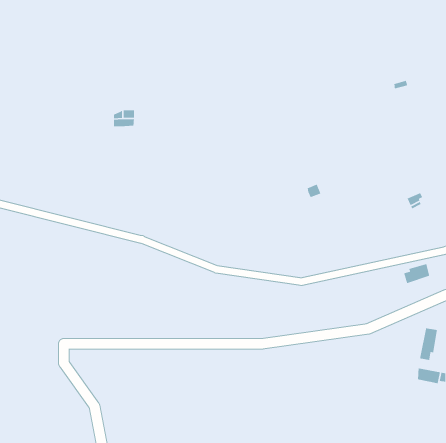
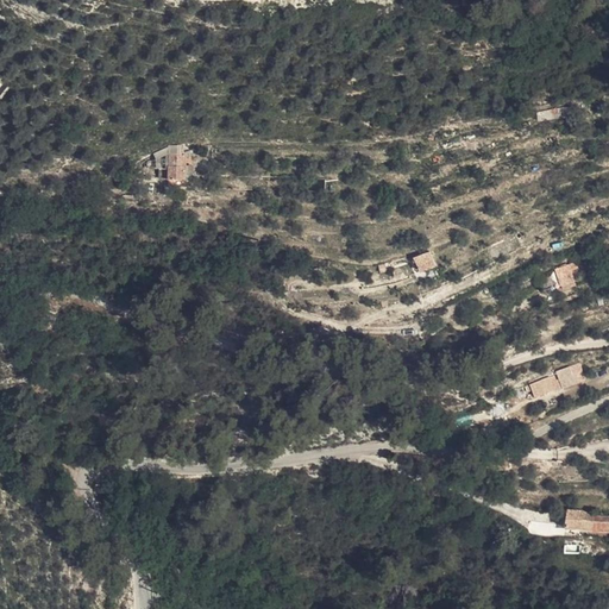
building: [419,328,438,361] -> none

